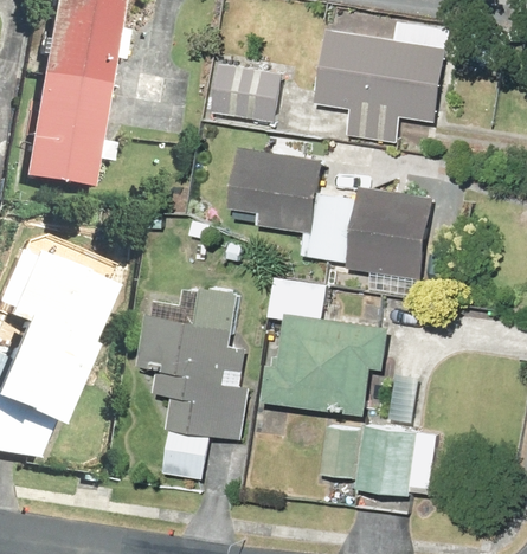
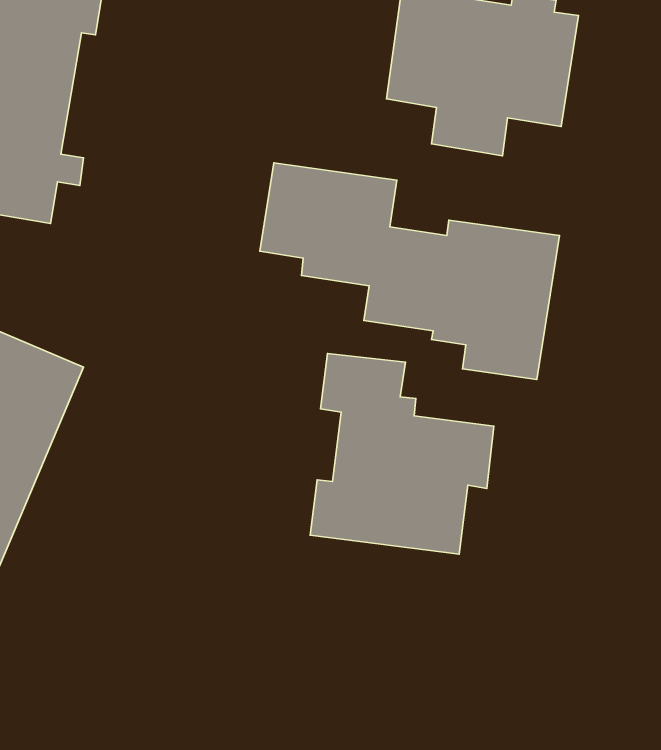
building: [212,64,282,122] -> none
building: [139,286,249,479] -> none
building: [321,426,437,496] -> none

